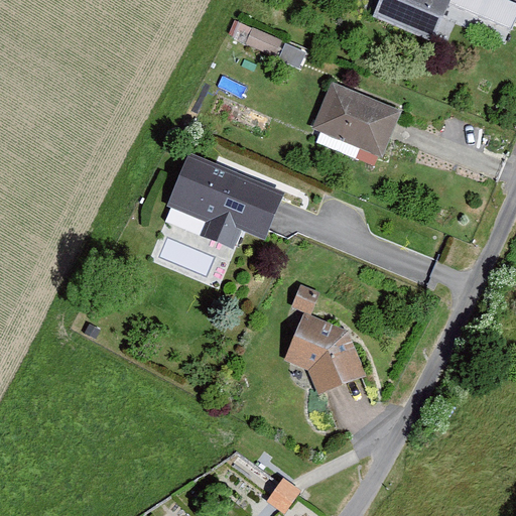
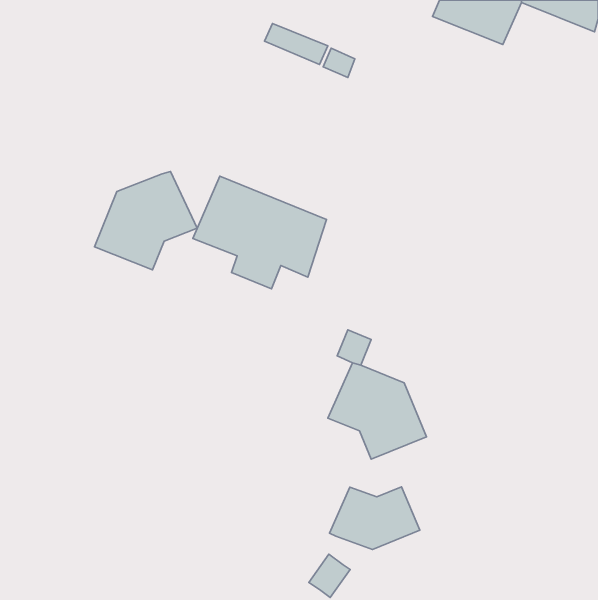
building: [311,80,400,158] -> none
building: none -> [95,171,197,270]
building: none -> [329,487,420,550]

